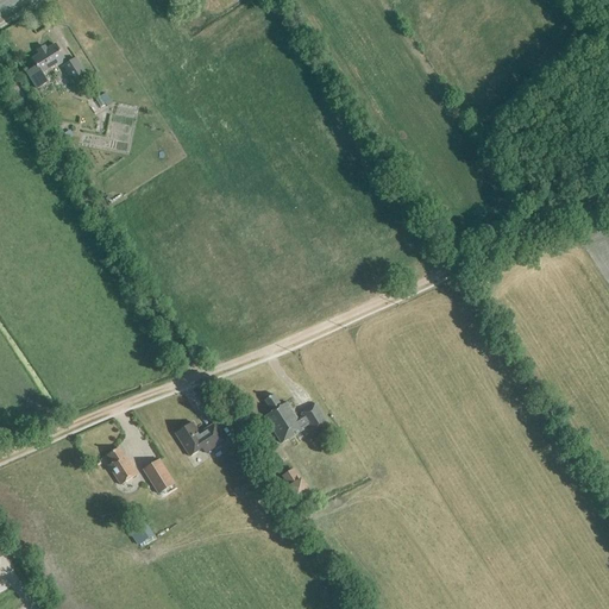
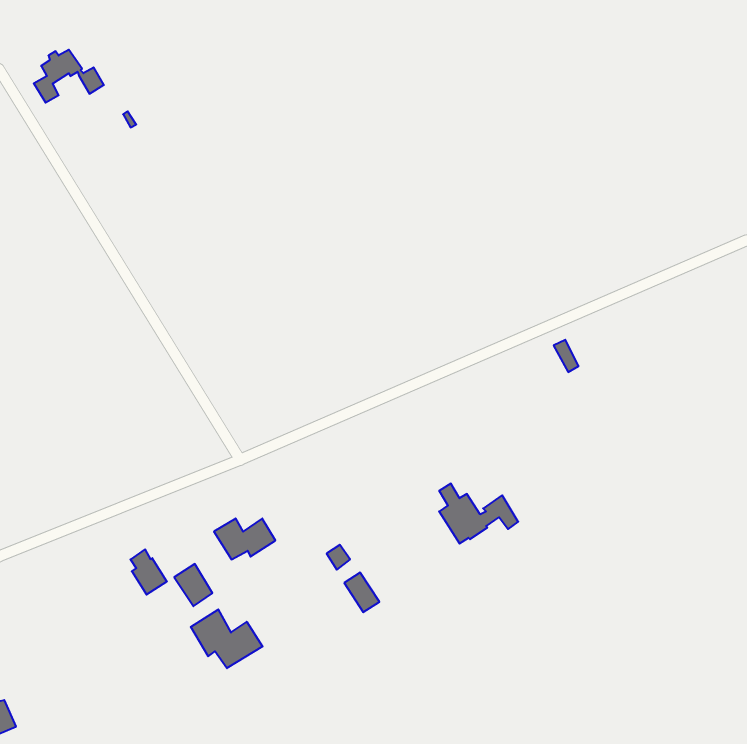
building: [263,393,327,441] -> [439,484,518,544]
building: none -> [191,609,263,668]

